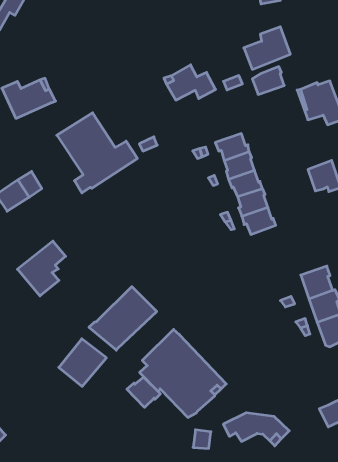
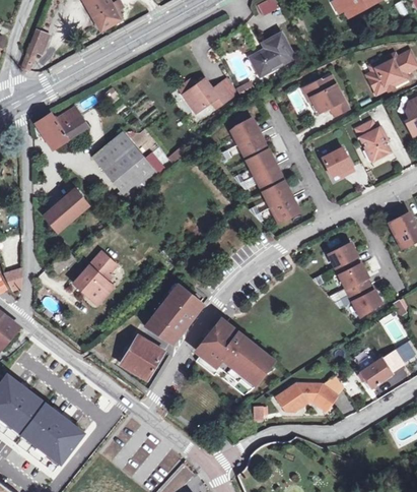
building: [252,67,284,94] -> [229,117,259,144]
building: [127,377,160,407] -> none

